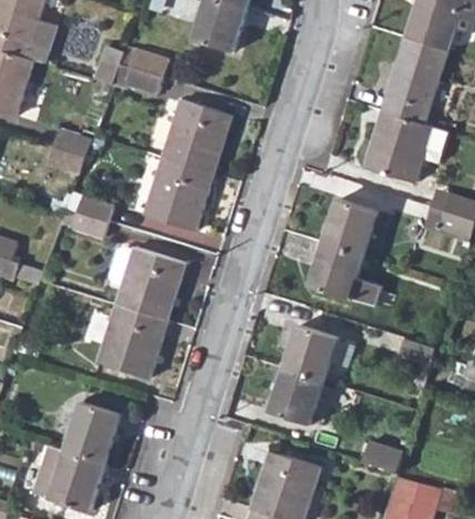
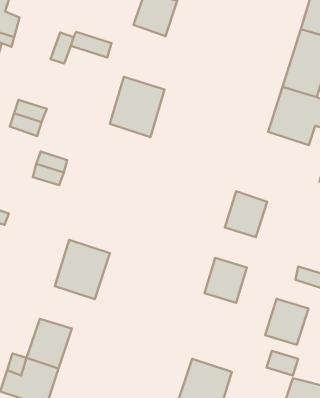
building: [110,62,163,93] -> none
building: [149,159,217,233] -> none
building: [324,201,376,256] -> none
building: [108,246,185,320] -> none
building: [270,369,324,426] -> [265,299,308,345]

